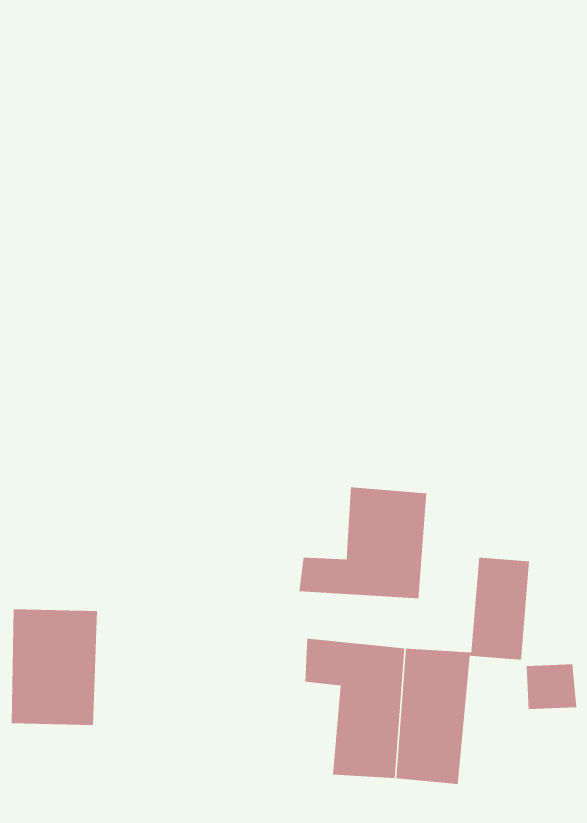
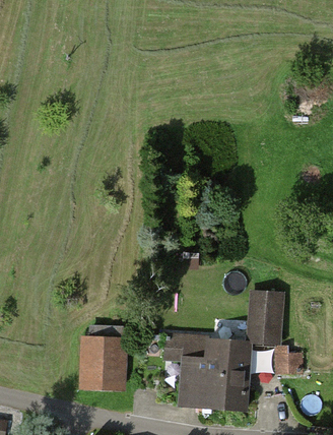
building: [299,487,427,599] -> none
building: [11,609,98,725] -> [81,335,126,395]

